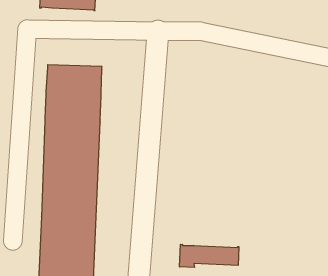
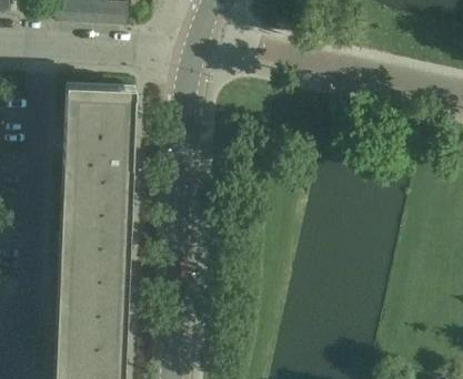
building: [180,244,239,267] -> none

